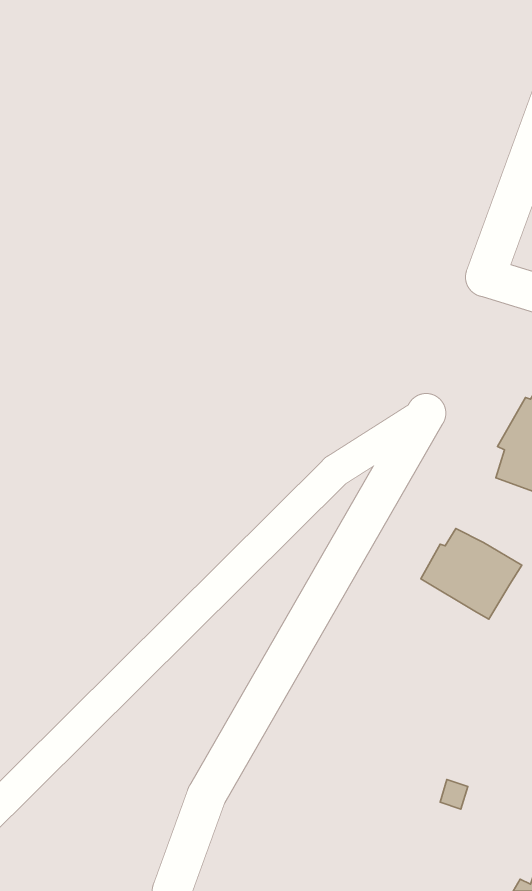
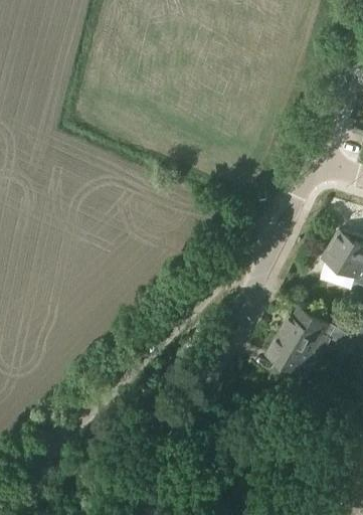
building: none -> [266,334,311,388]

